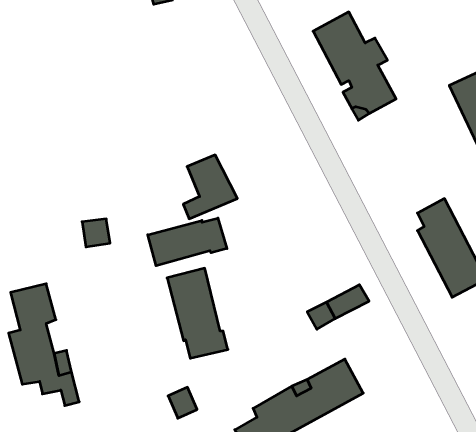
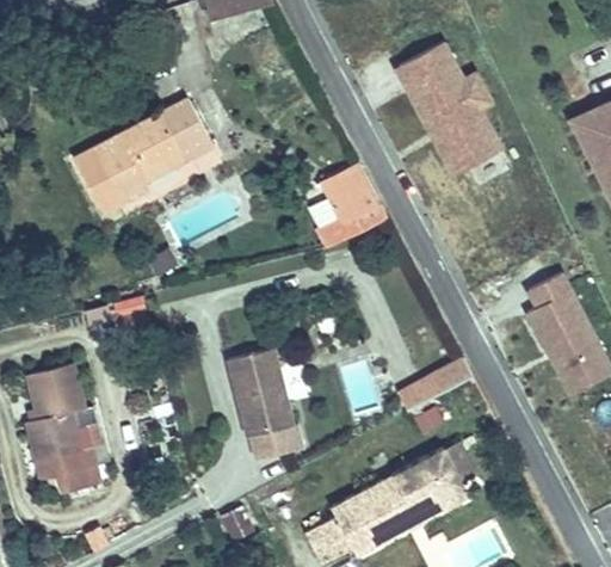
building: none -> [85,111,199,202]
building: [183,155,237,219] -> [314,167,381,246]
building: [148,218,227,266] -> none

